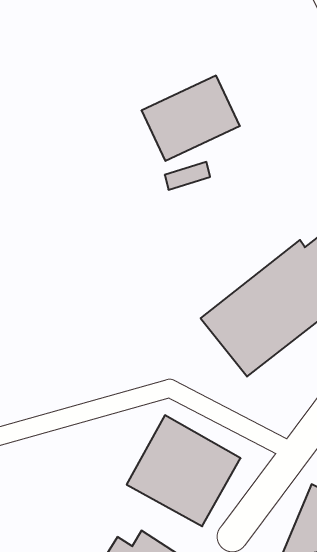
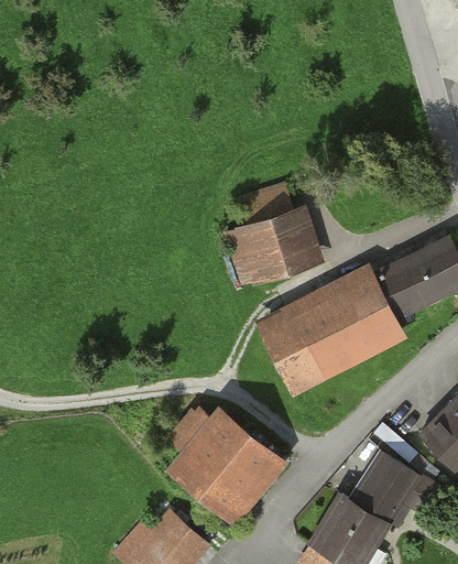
building: [141,76,240,161] -> [230,209,319,281]

